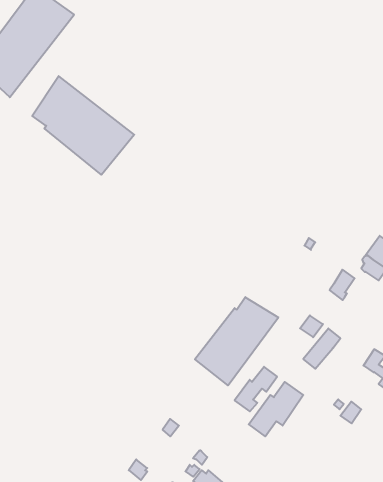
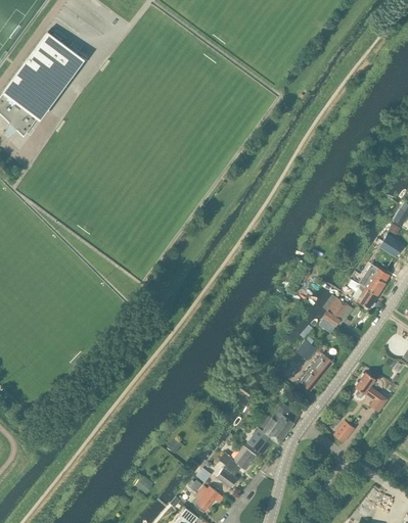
building: [32,76,134,175] -> none
building: [195,297,278,385] -> none
building: [235,367,277,411] -> [216,445,256,487]

